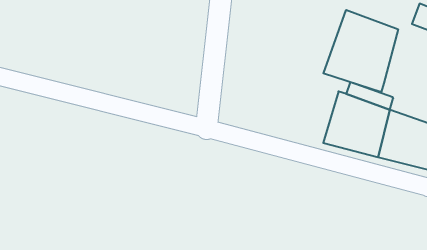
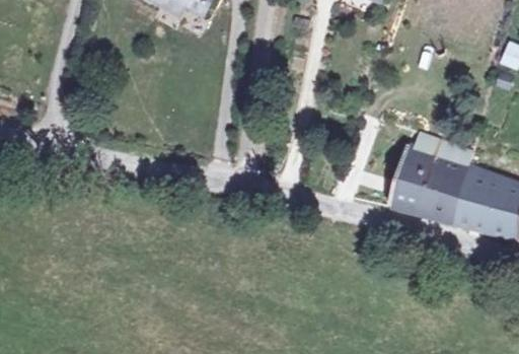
building: [323,10,398,92] -> none

